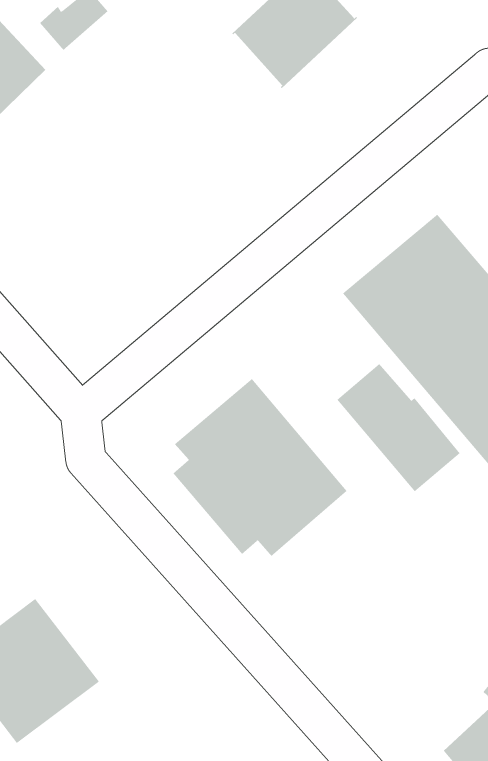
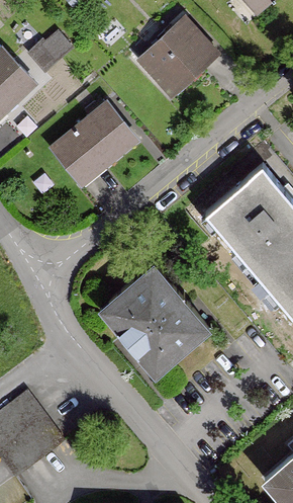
building: none -> [52,104,136,182]
building: [336,363,461,492] -> none

